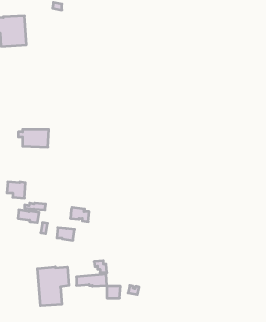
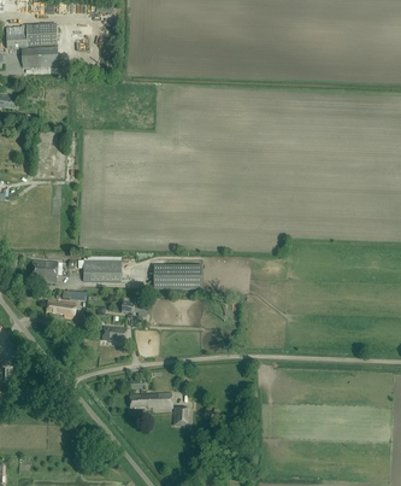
building: [18,129,49,147] -> [78,257,122,282]
building: none -> [154,262,202,289]
building: [37,267,69,306] -> none

